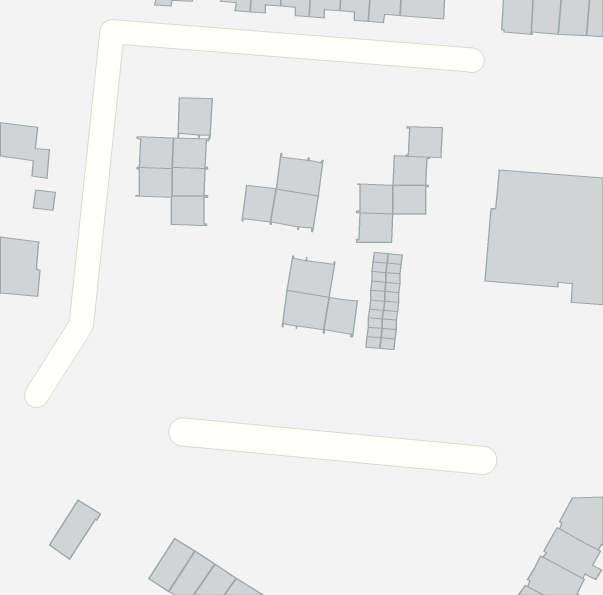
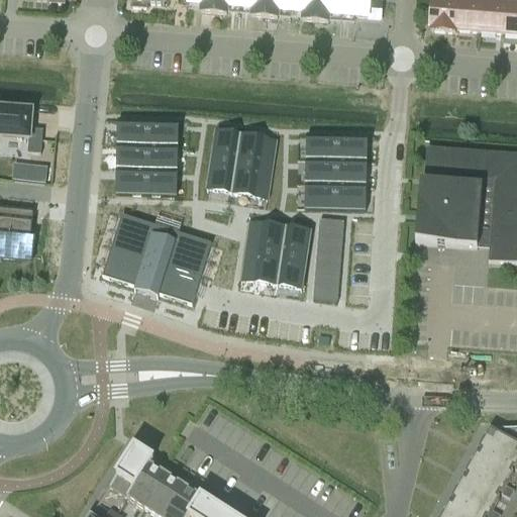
building: [178,98,212,139] -> none
building: [406,127,442,157] -> [306,132,337,159]
building: none -> [211,128,240,162]
building: none -> [116,168,146,192]
building: none -> [335,183,367,208]
building: none -> [103,213,211,302]
building: none -> [282,224,311,257]
building: [50,500,100,559] -> [110,444,153,495]

